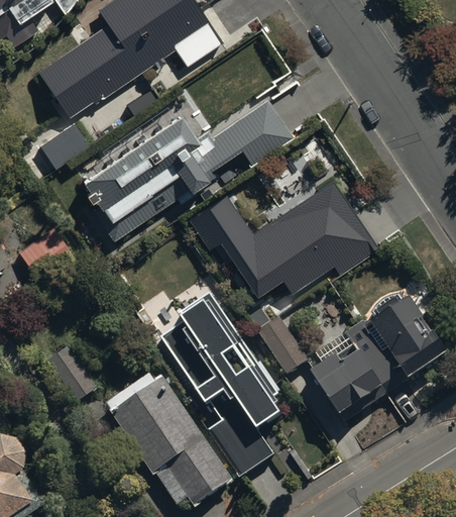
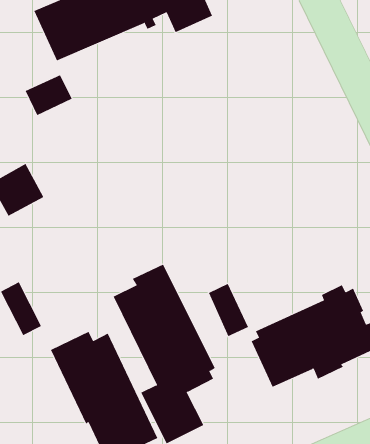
building: [78,99,292,239] -> none
building: [188,179,378,296] -> none

